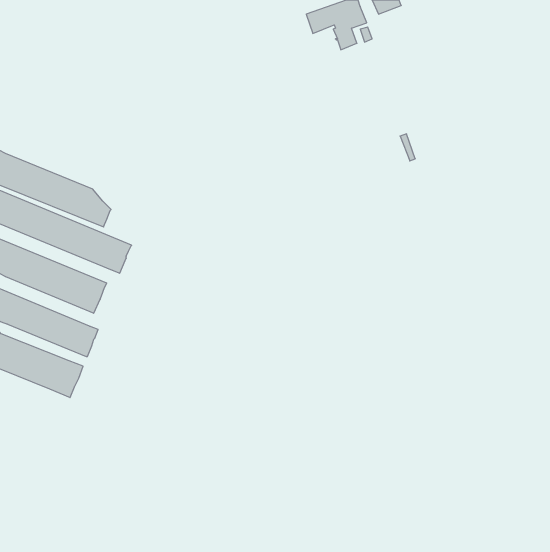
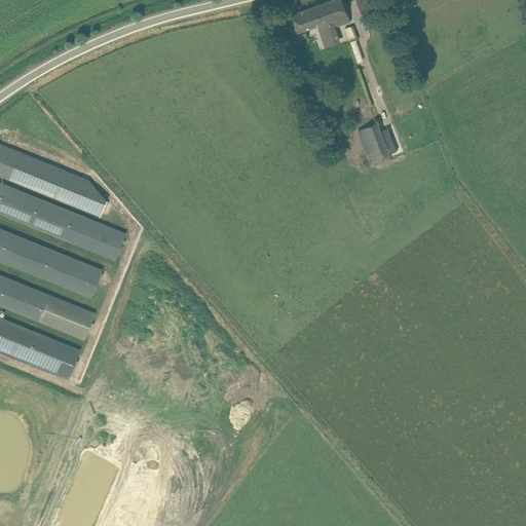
building: none -> [356,123,387,158]

